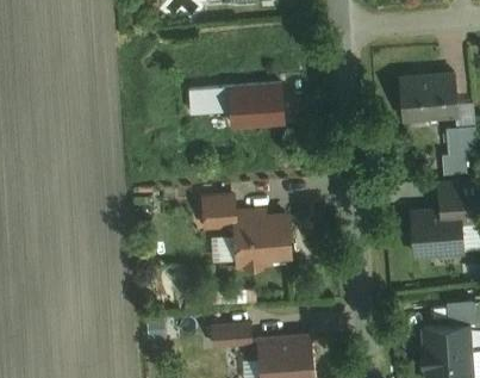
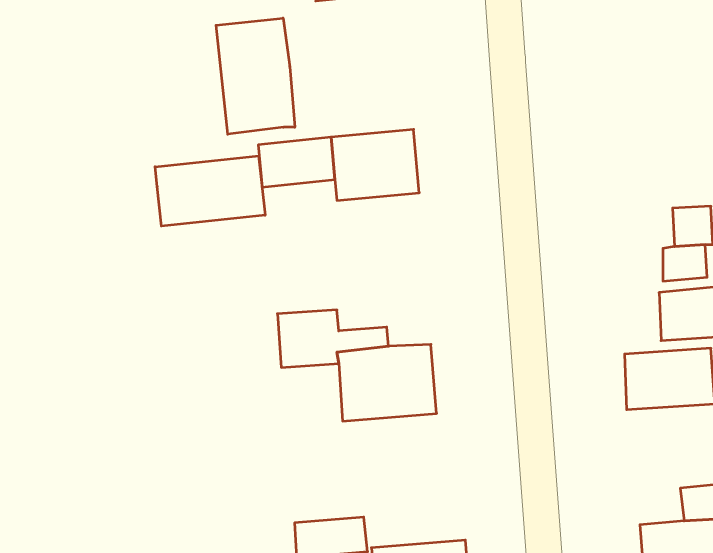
building: none -> [216,18,295,134]
building: [400,76,462,120] -> none
building: none -> [155,156,265,226]

